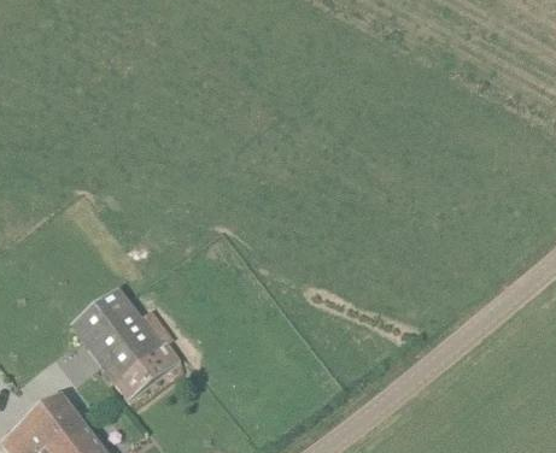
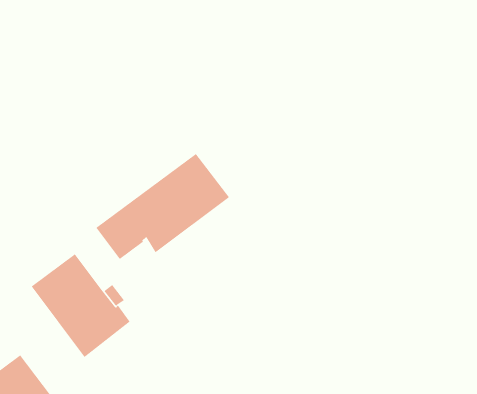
building: none -> [95,153,230,260]

